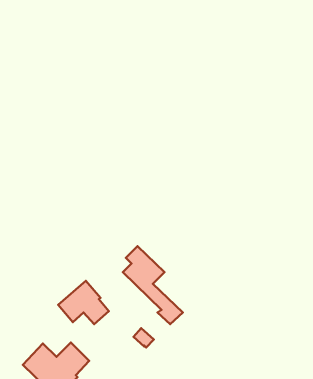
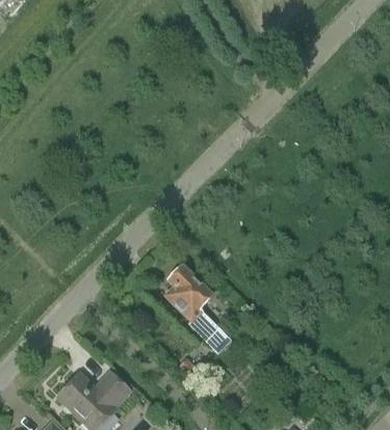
building: [58,281,109,324] -> none

